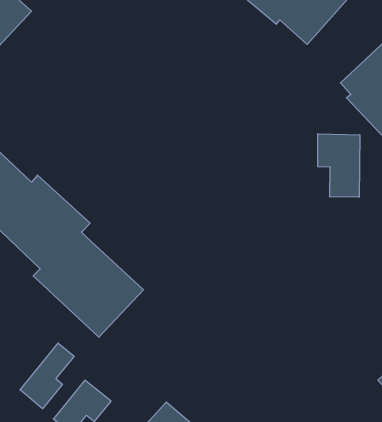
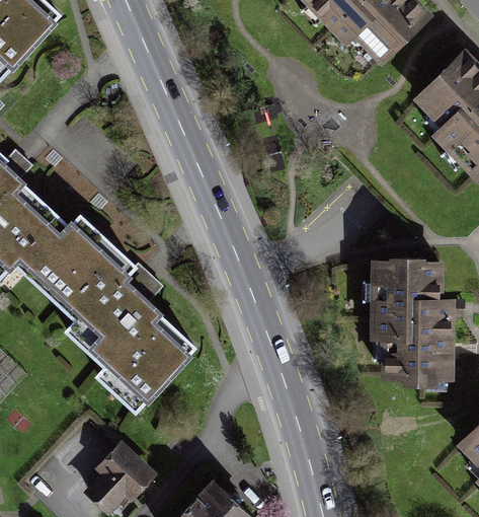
building: [318,134,360,197] -> none
building: none -> [377,258,447,387]
building: [20,343,74,409] -> none

